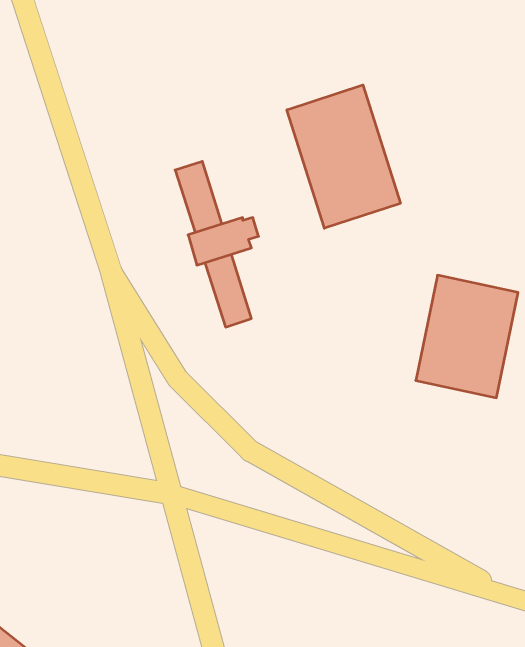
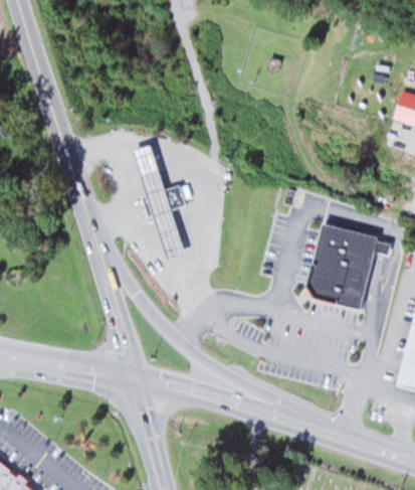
building: [287,85,400,228] -> none

